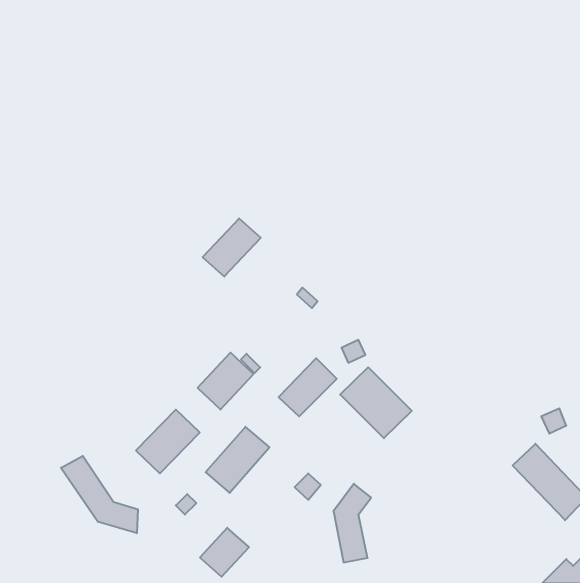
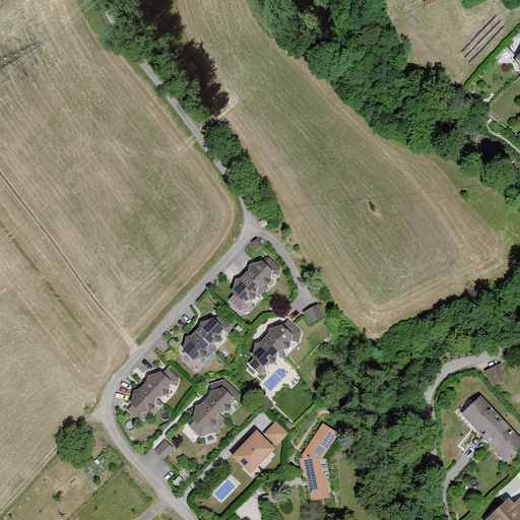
building: [203,218,261,277] -> [225,257,277,309]
building: [340,367,412,438] -> none
building: [61,456,138,533] -> none
building: [200,528,249,577] -> [233,430,276,473]

